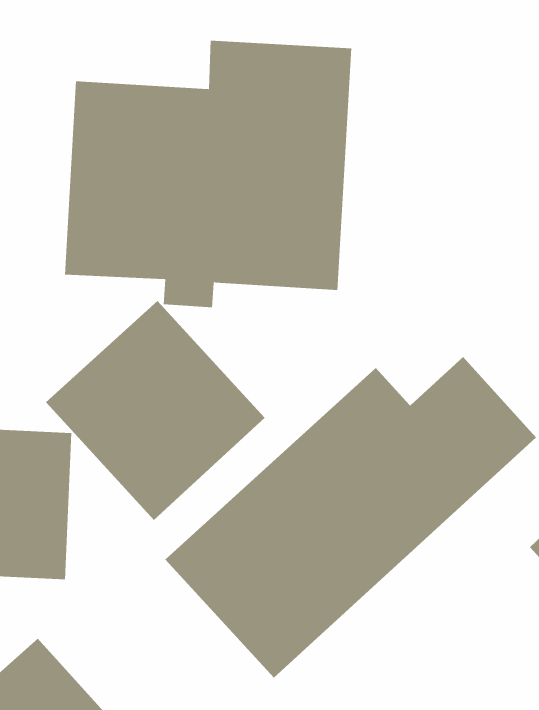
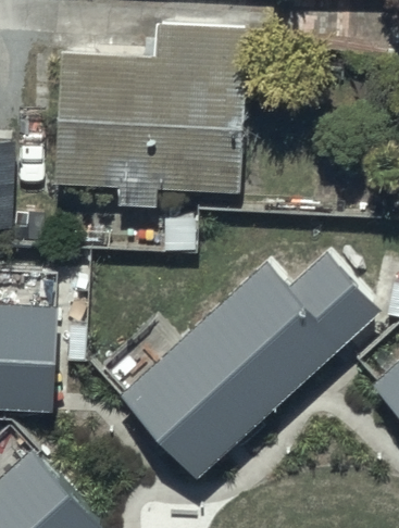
building: [45,300,265,521] -> none

